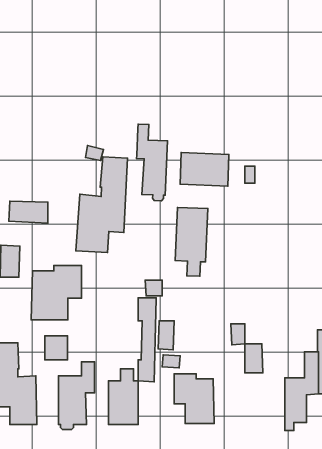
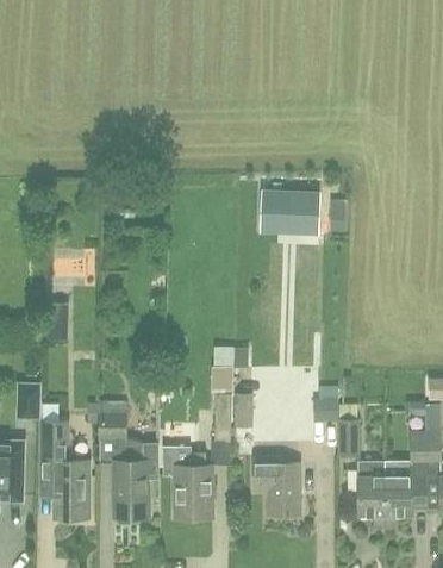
building: [137,124,167,201] -> none
building: [76,157,128,252] -> none
building: [175,207,208,276] -> none
building: [31,265,82,320] -> none
building: none -> [357,462,385,525]

